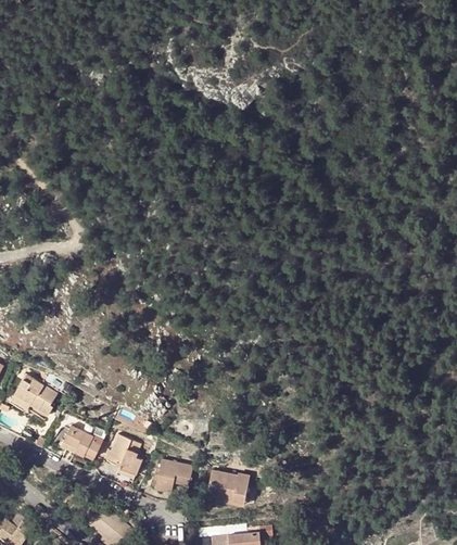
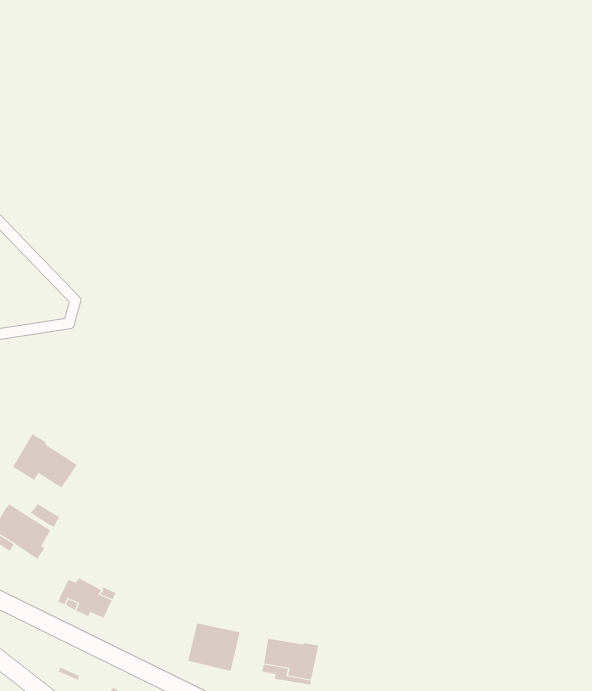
building: none -> [12,433,77,489]
building: [102,435,140,481] -> none

